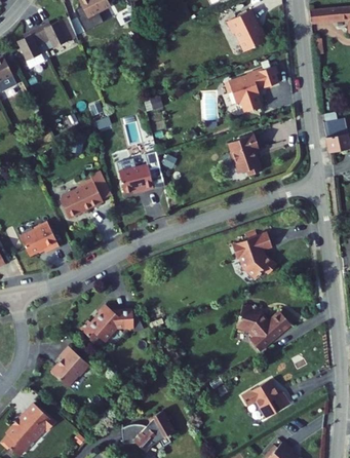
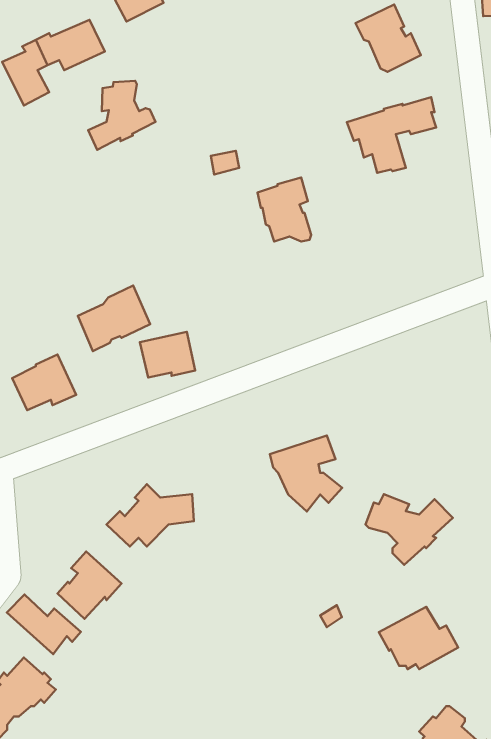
building: none -> [88,81,155,150]
building: [230,132,263,171] -> [257,177,311,241]
building: [120,165,154,193] -> [140,332,195,377]
building: [234,232,278,278] -> [270,436,342,511]
building: none -> [7,594,81,654]
building: [118,410,172,452] -> none

